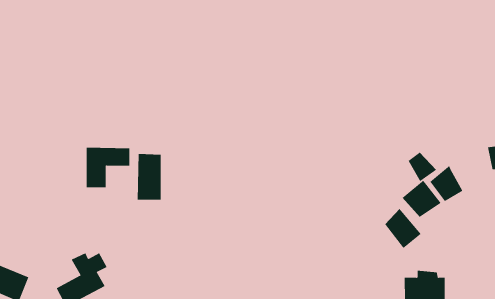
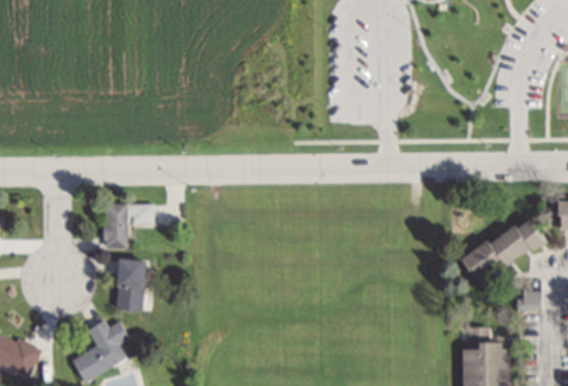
building: [408,152,437,182] -> [515,219,547,252]
building: [137,153,161,200] -> [116,258,144,311]
building: [384,208,421,249] -> none

